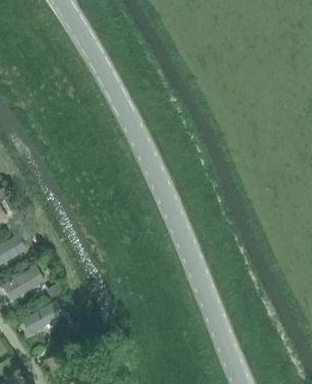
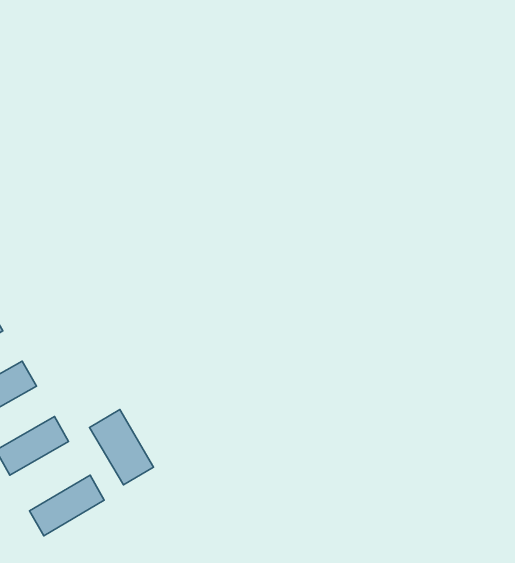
building: none -> [90,410,154,485]

